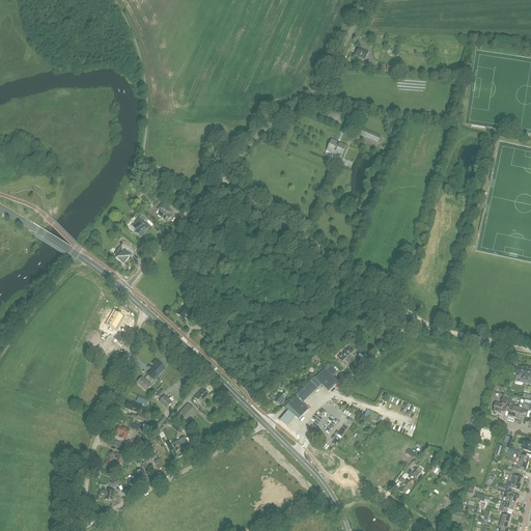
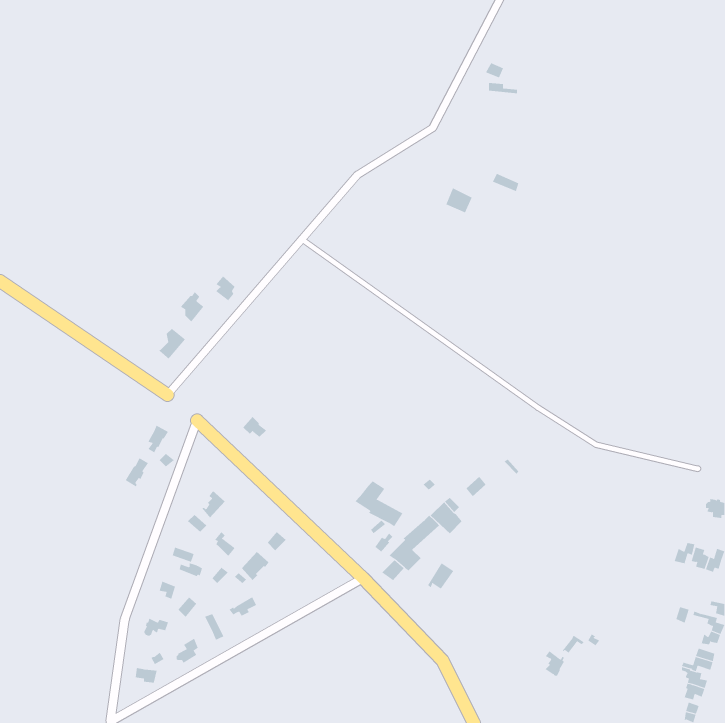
building: none -> [355,481,403,527]

